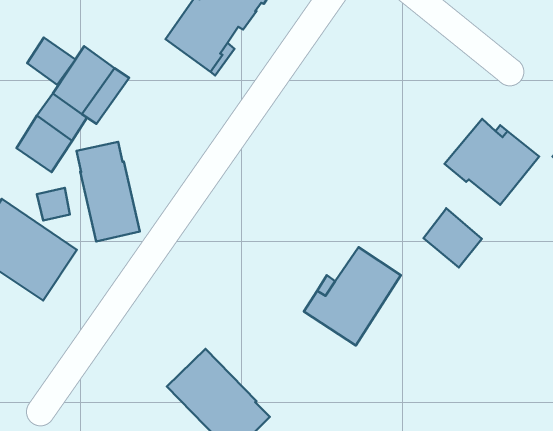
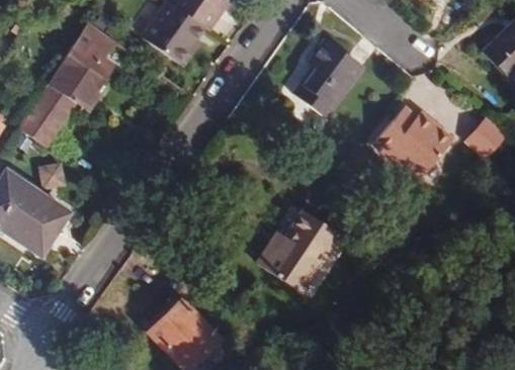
building: [27,38,76,85] -> [75,21,115,61]
building: none -> [291,38,362,117]
building: [76,142,140,242] -> none
building: [424,208,482,268] -> none

